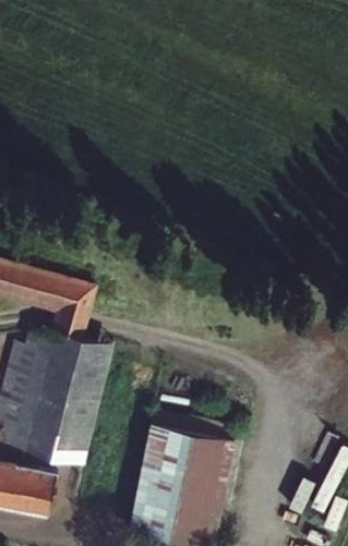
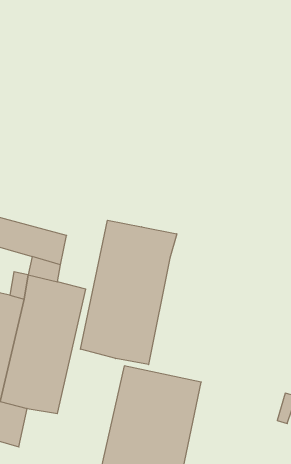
building: none -> [80,220,177,365]

